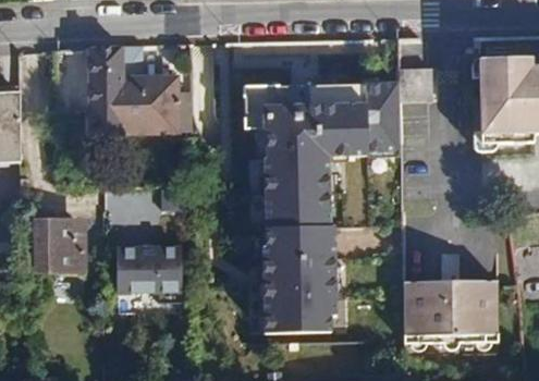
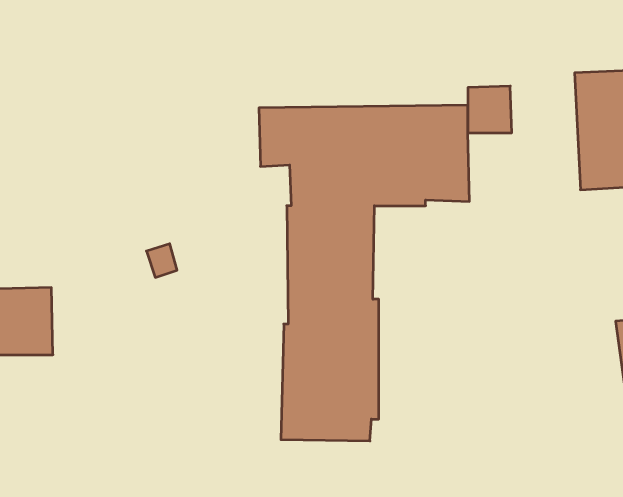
building: [82,46,175,128] -> none
building: [117,229,182,278] -> none
building: [401,254,500,345] -> none

